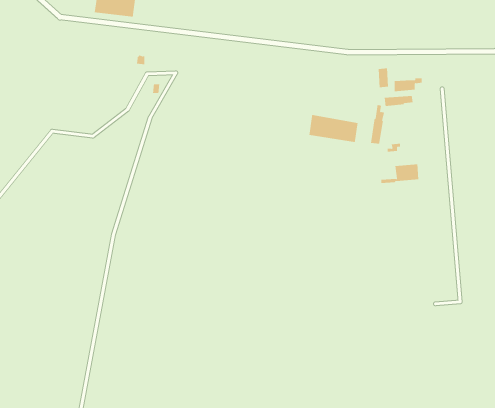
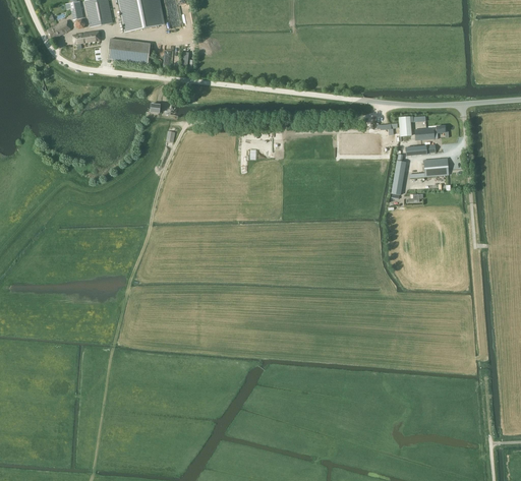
building: [309,114,358,143] -> none
building: [380,164,419,184] -> [409,157,449,177]

